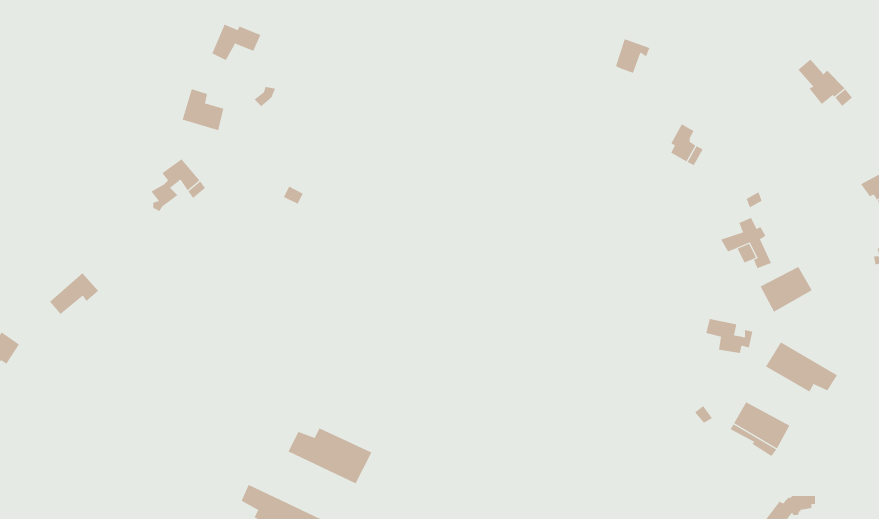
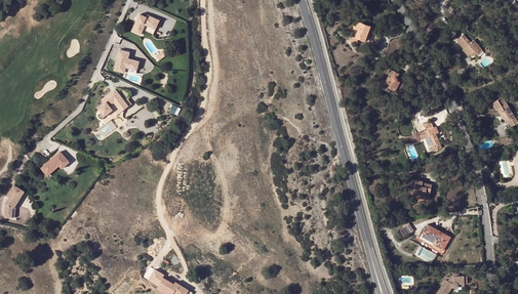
building: [760,266,812,312] -> none
building: [765,342,838,392] -> none
building: [288,428,372,484] -> none

